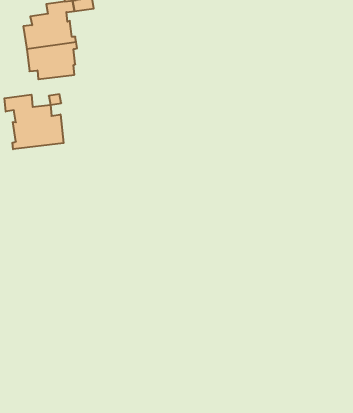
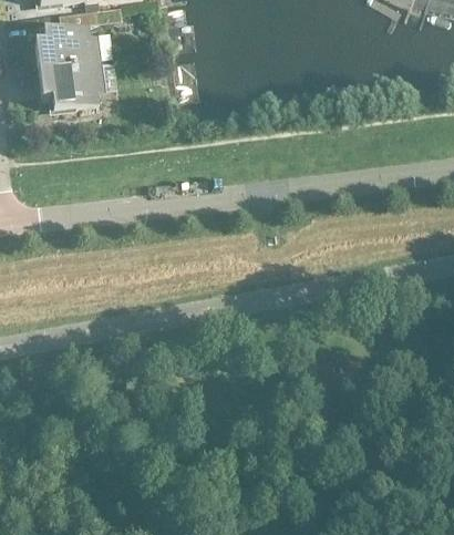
building: [4,95,64,149] -> none

